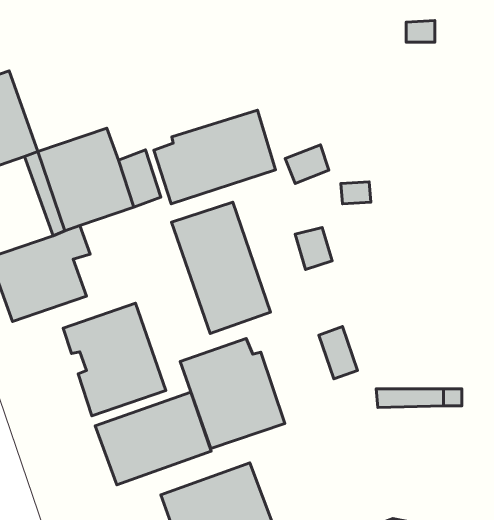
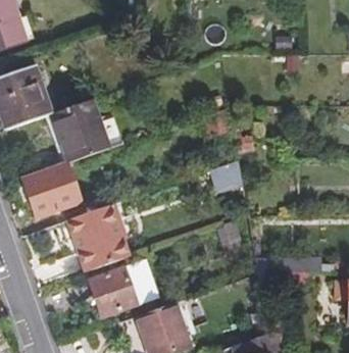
building: [154,110,276,204] -> none
building: [172,202,270,334] -> none
building: [180,338,285,448] -> none

